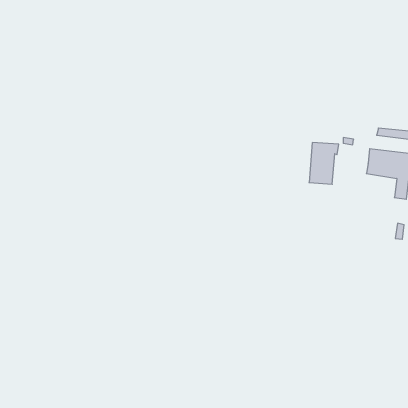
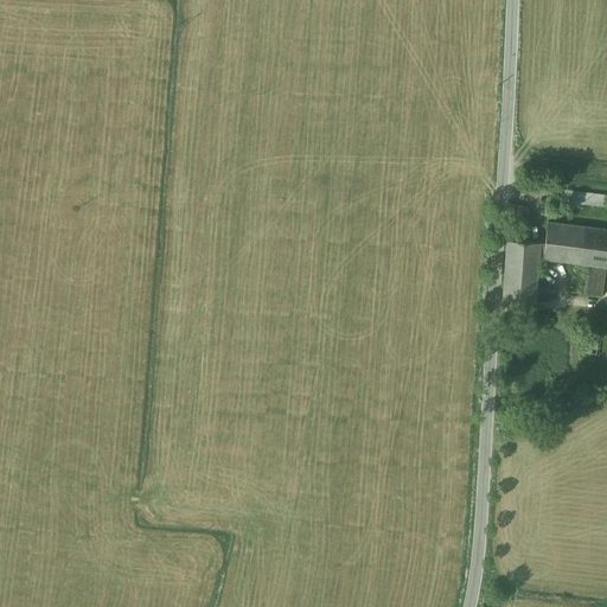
building: [309,143,339,184] -> [503,241,547,302]

